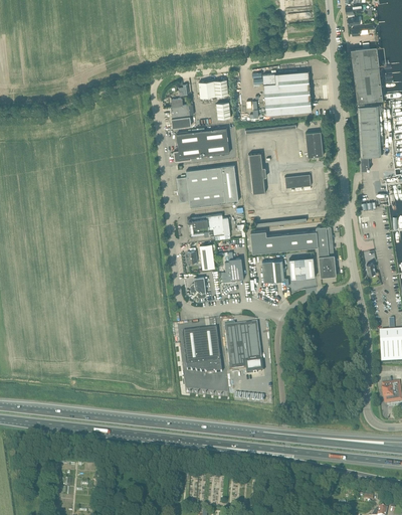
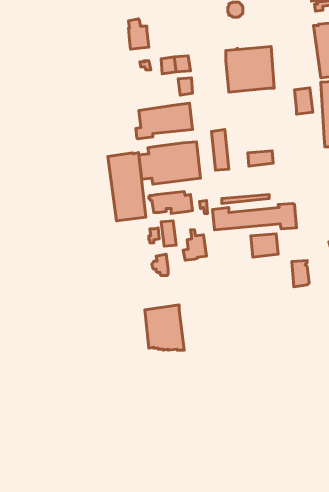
building: [171,98,191,128] -> [129,19,149,49]
building: [306,131,324,157] -> [295,88,313,114]
building: none -> [108,152,146,221]
building: [319,250,336,277] -> [292,261,309,287]
building: [262,261,284,282] -> none
building: [225,323,263,373] -> none

